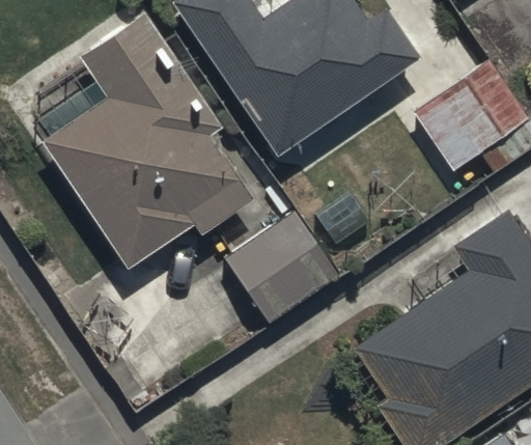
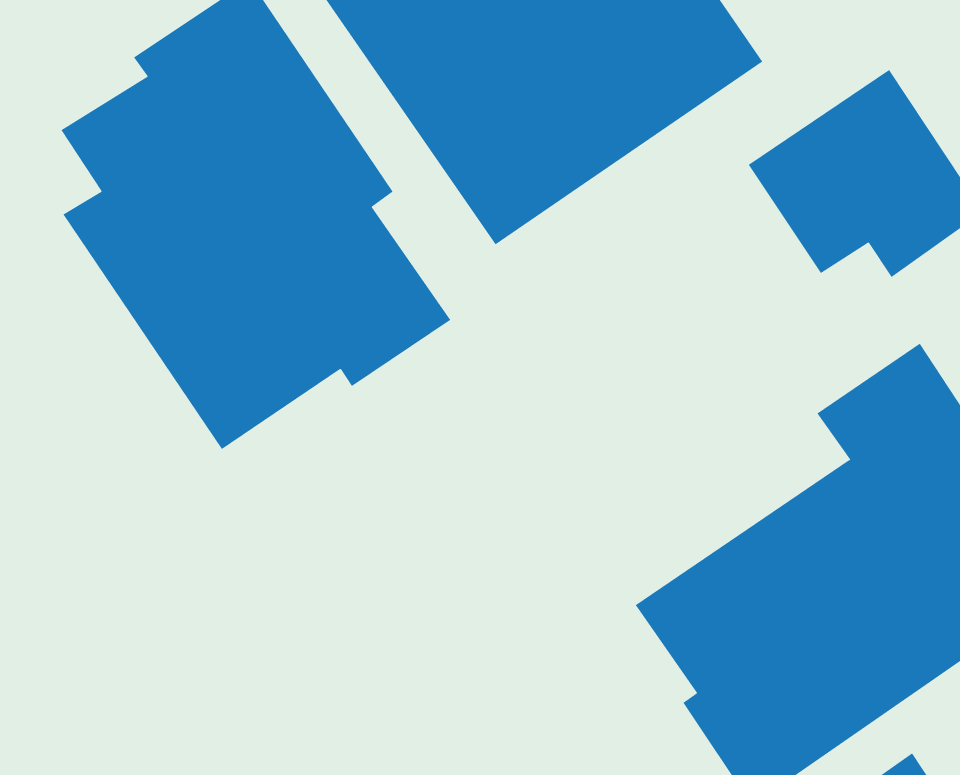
building: [223,211,341,327] -> none

